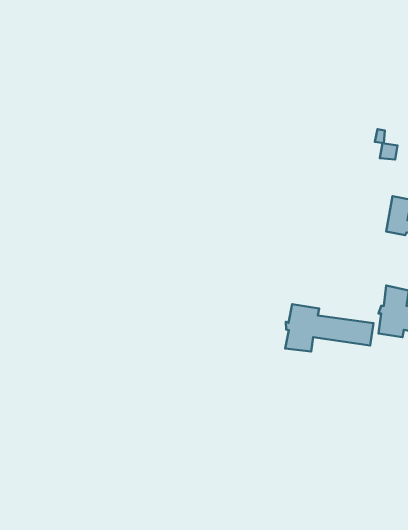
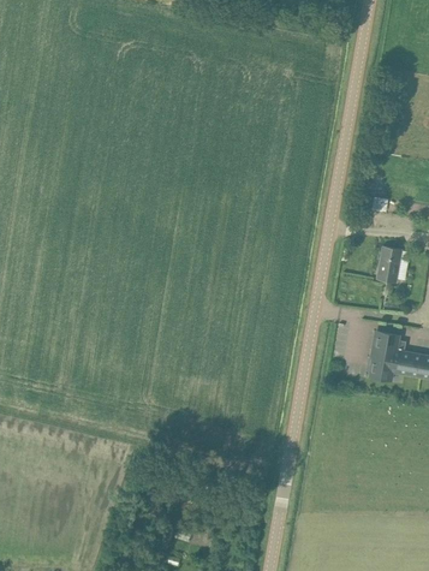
building: [285,304,374,351] -> none

